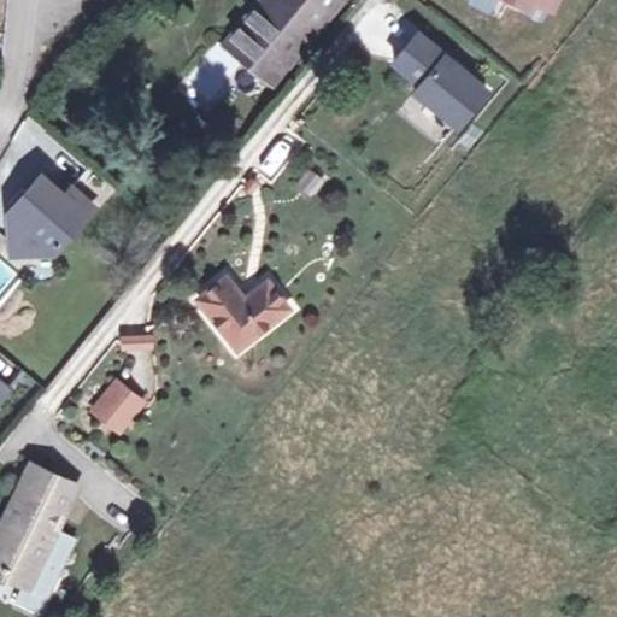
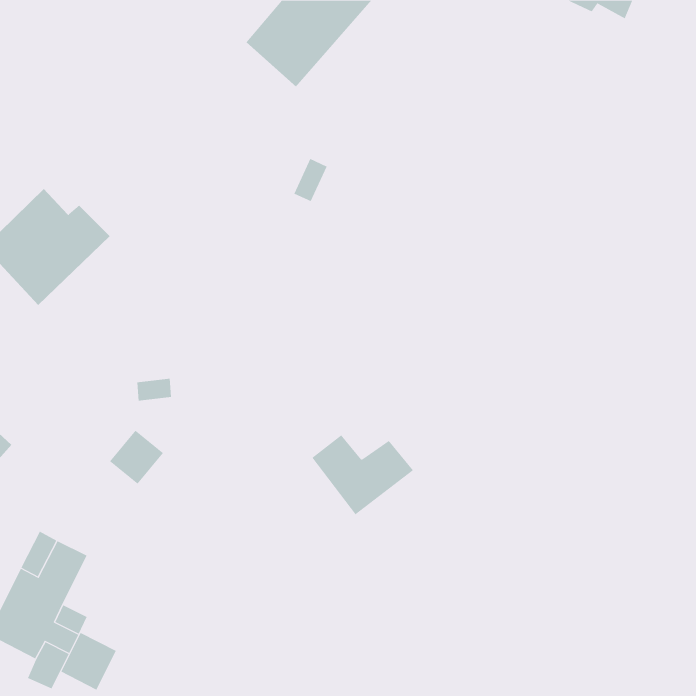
building: [380,27,489,130] -> none
building: [201,277,292,348] -> [311,435,414,515]
building: none -> [60,632,116,690]

